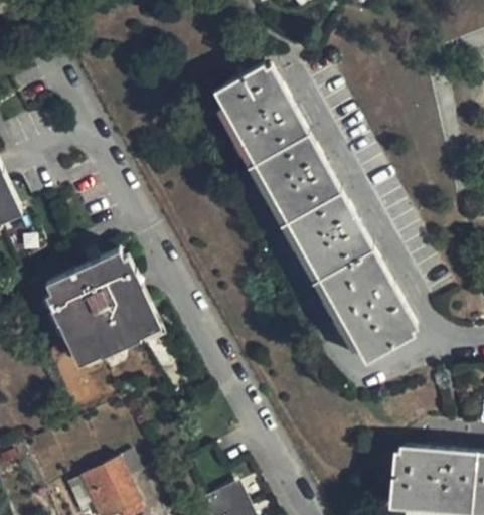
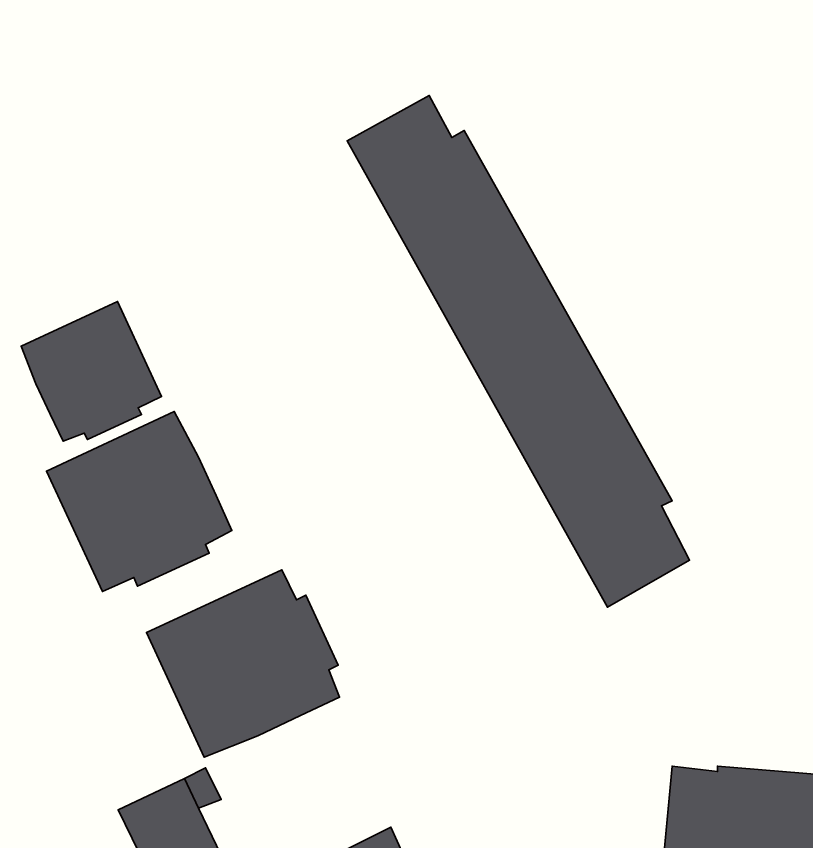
building: none -> [21,302,162,441]
building: none -> [147,570,339,757]

